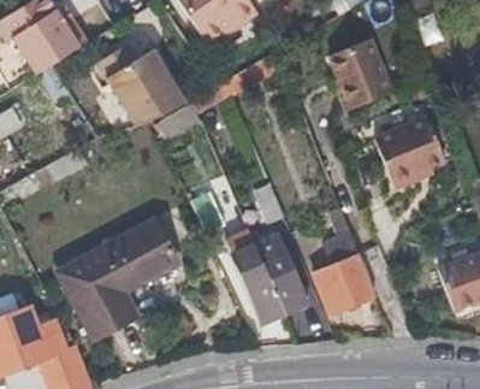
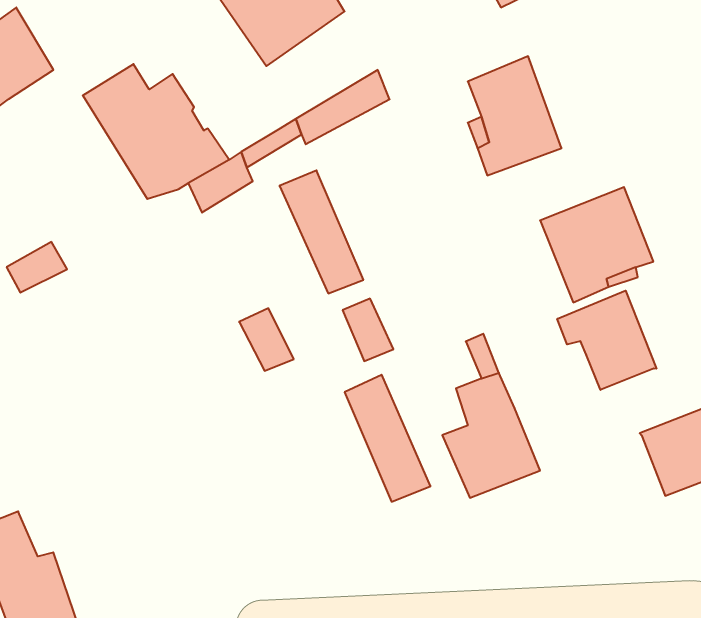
building: none -> [557,291,656,390]
building: [59,218,178,337] -> none
building: [233,244,285,320] -> [279,170,363,293]

